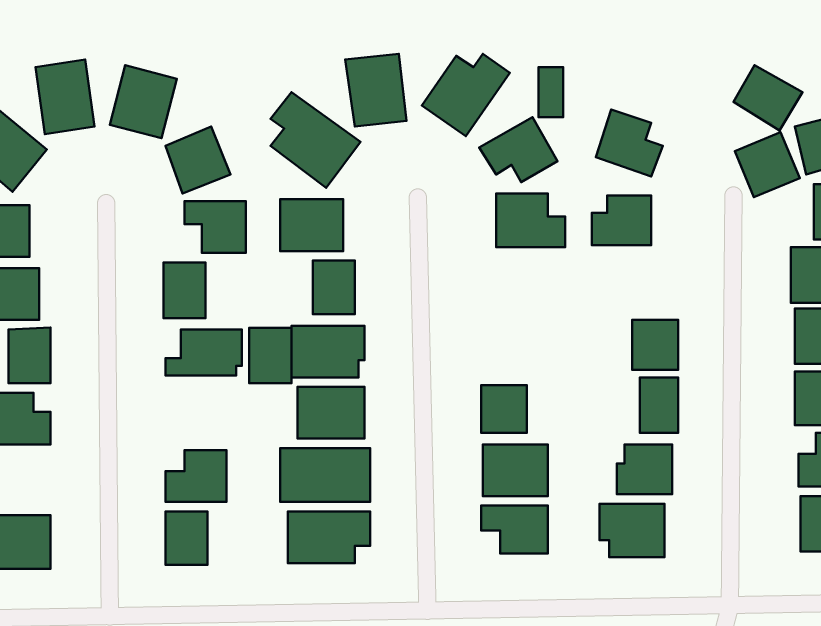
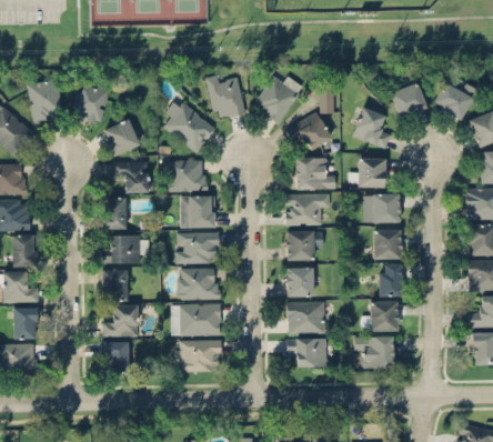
building: [735,132,800,197] -> [390,81,427,119]
building: none -> [285,193,329,225]
building: none -> [364,193,399,222]
building: none -> [285,231,322,260]
building: [249,328,291,383] -> [102,269,127,301]
building: none -> [14,308,38,338]

